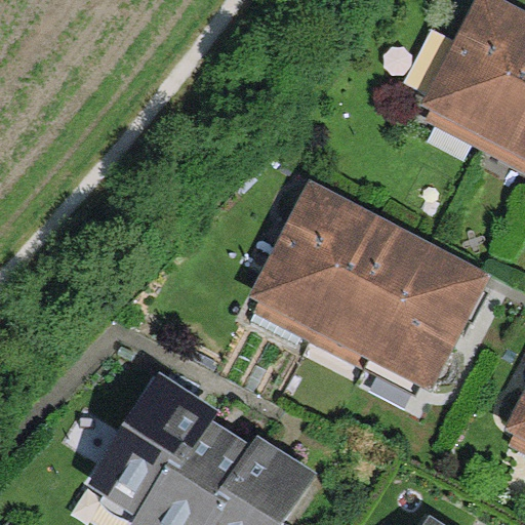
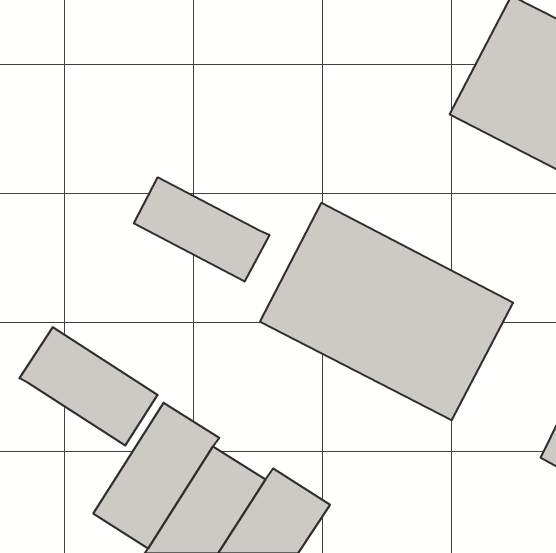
building: none -> [134,177,269,282]
building: none -> [19,327,158,446]

